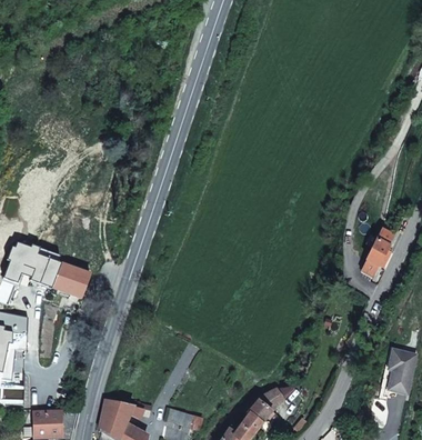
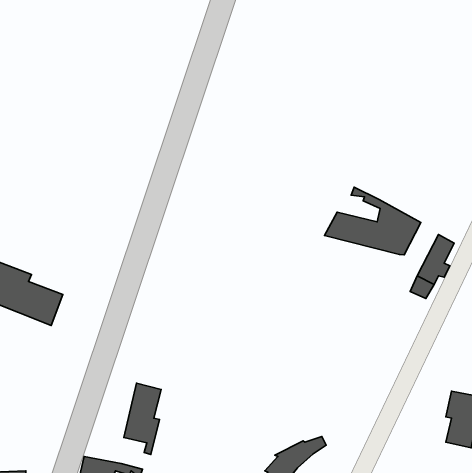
building: none -> [324,187,421,255]
building: none -> [124,383,161,454]

